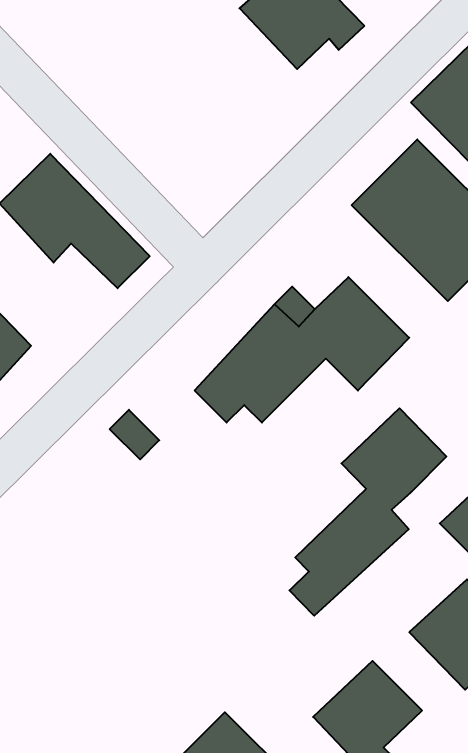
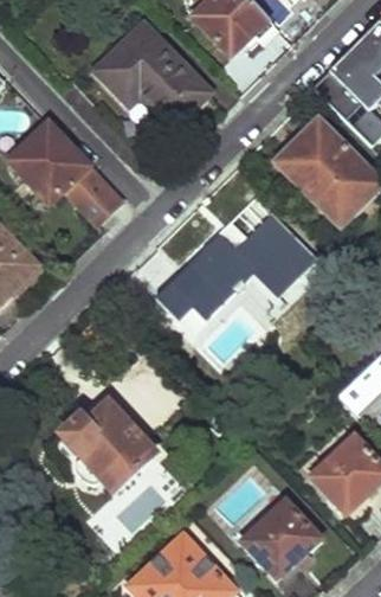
building: none -> [91,15,218,133]
building: [289,408,446,616] -> none
building: none -> [59,404,154,493]

